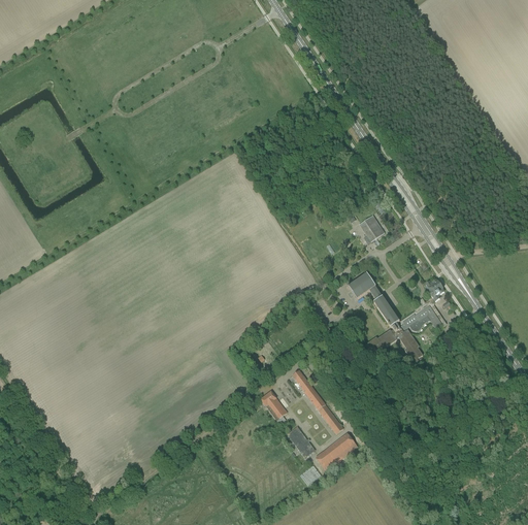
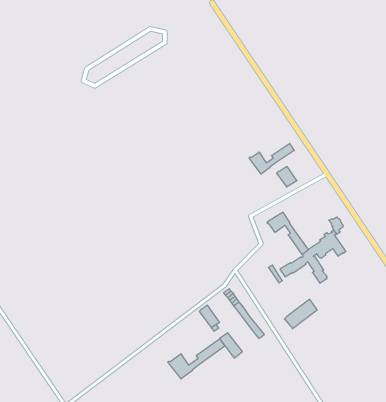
building: none -> [249,143,294,174]
building: [315,432,356,469] -> [284,299,317,329]
building: none -> [168,339,225,379]

